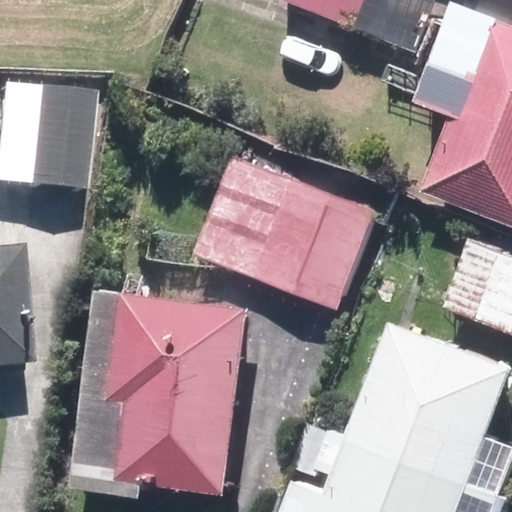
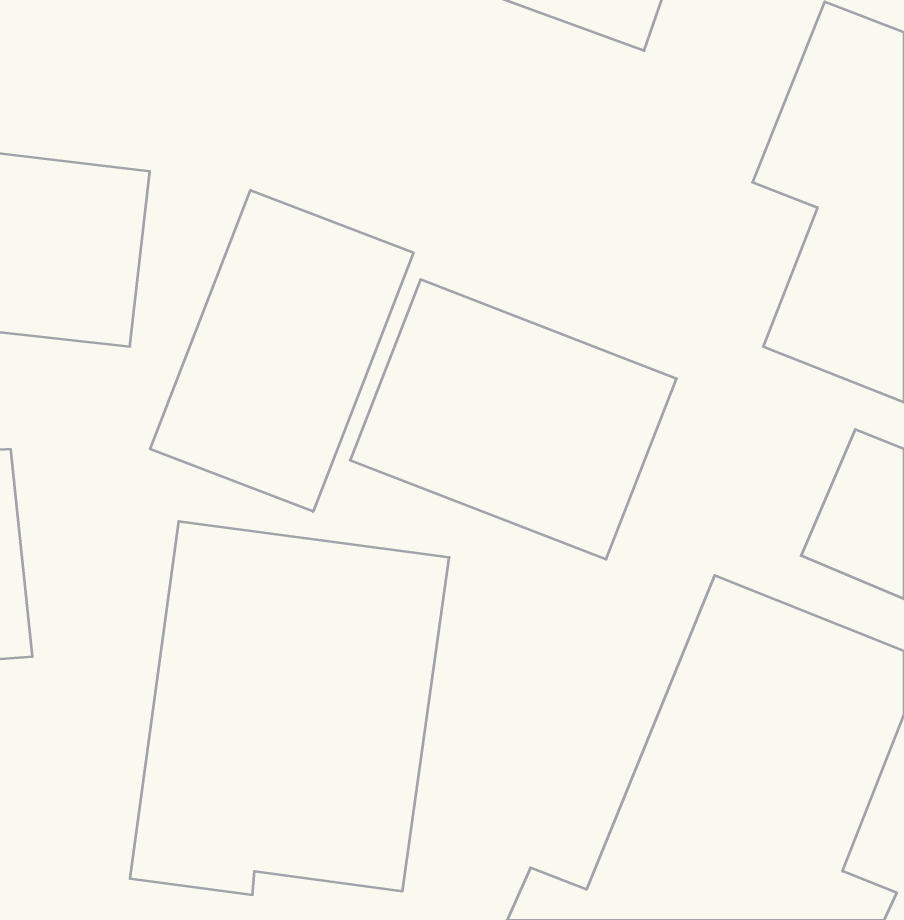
building: none -> [150,190,413,512]

